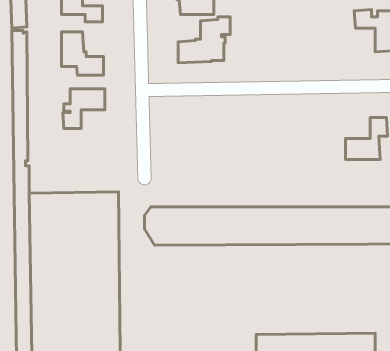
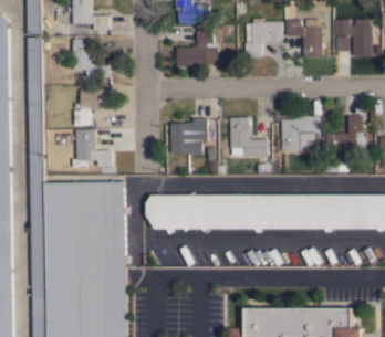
building: none -> [237,18,282,57]
building: none -> [287,19,323,56]
building: none -> [281,116,320,150]
building: none -> [170,117,208,155]
building: none -> [230,117,268,156]
building: none -> [72,129,113,167]

